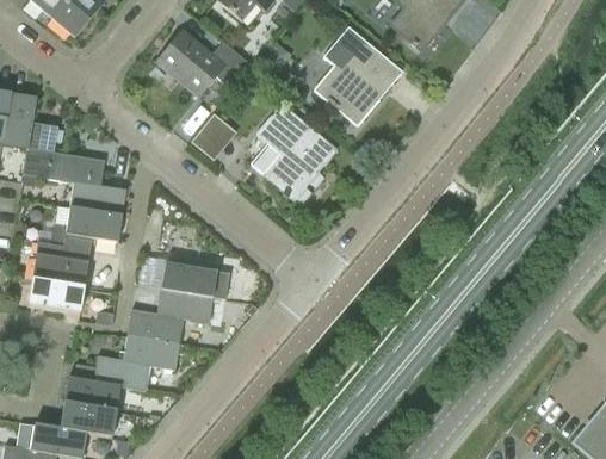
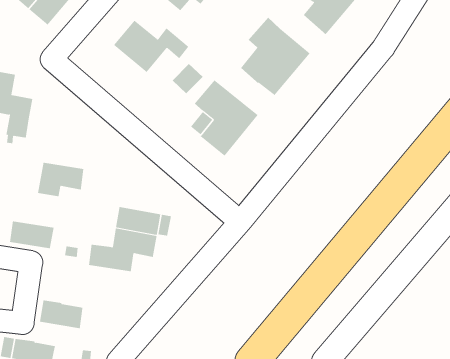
building: [197,110,236,148] -> [172,63,203,94]
building: [49,153,125,215] -> none
building: [31,240,89,287] -> none
building: [93,334,179,392] -> none
building: [60,404,116,439] -> none

